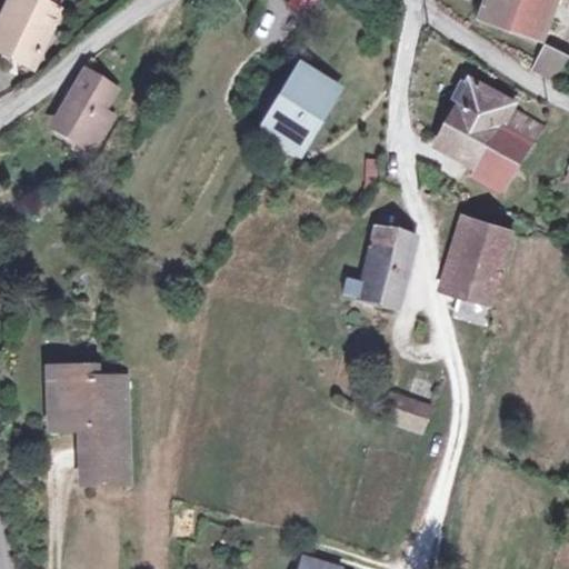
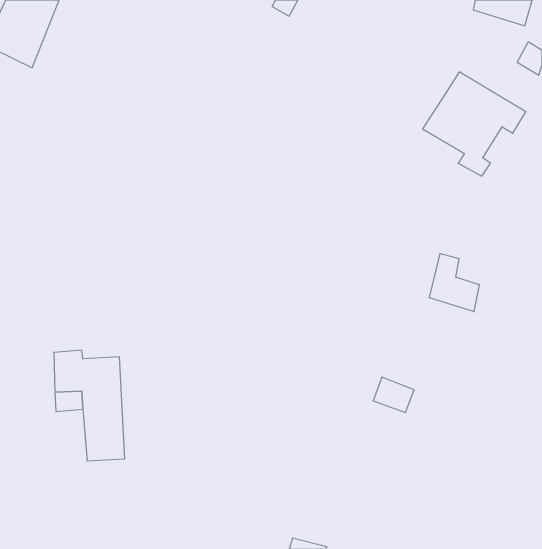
building: [266,66,331,139] -> none
building: [50,78,107,148] -> none
building: [455,214,512,293] -> none
building: [333,228,400,312] -> none

